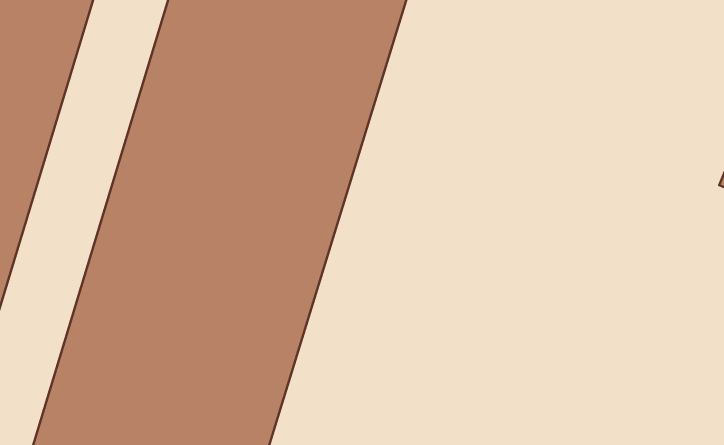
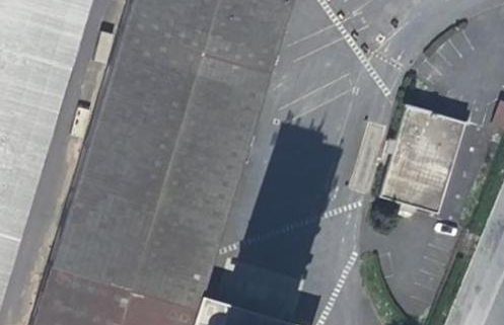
building: none -> [376,107,462,218]

